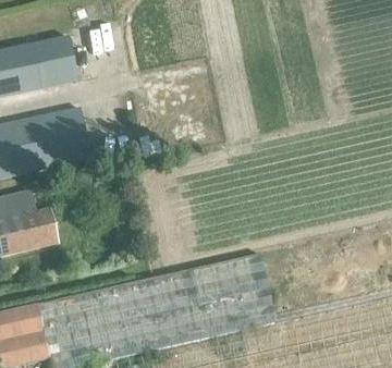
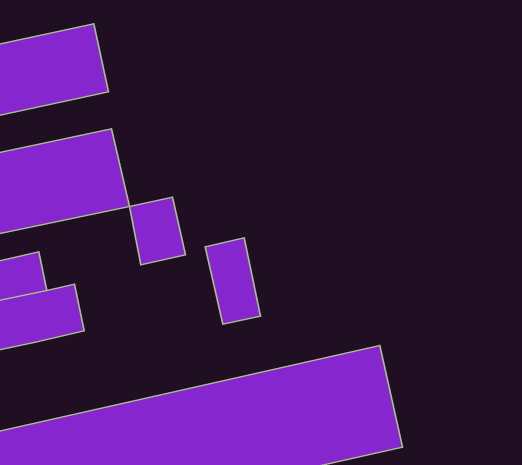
building: none -> [129,197,186,265]
building: none -> [205,238,260,324]

